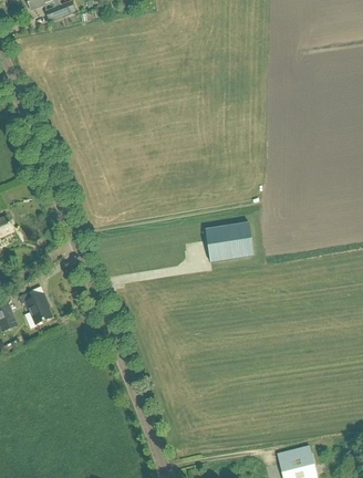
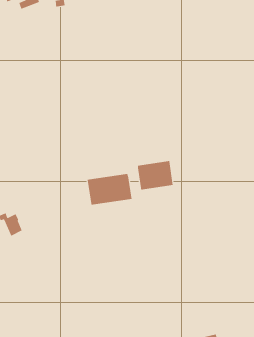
building: none -> [87,173,132,206]

